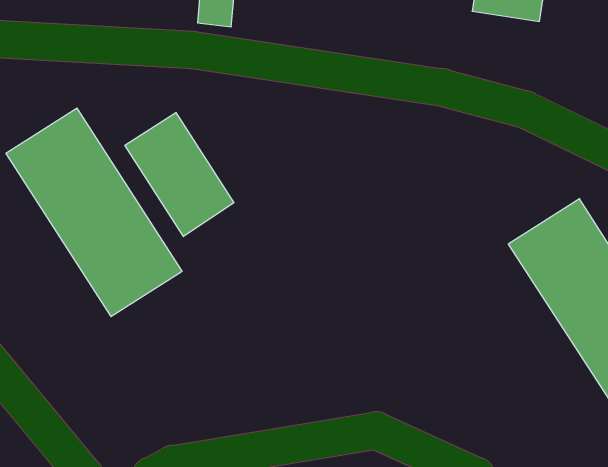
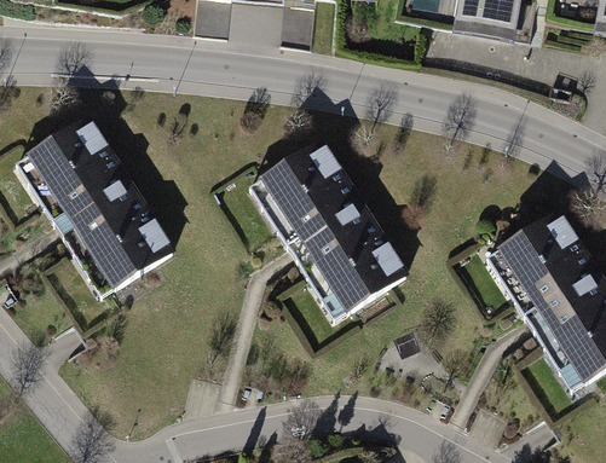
building: [125,112,234,237] -> none
building: none -> [247,139,411,334]

